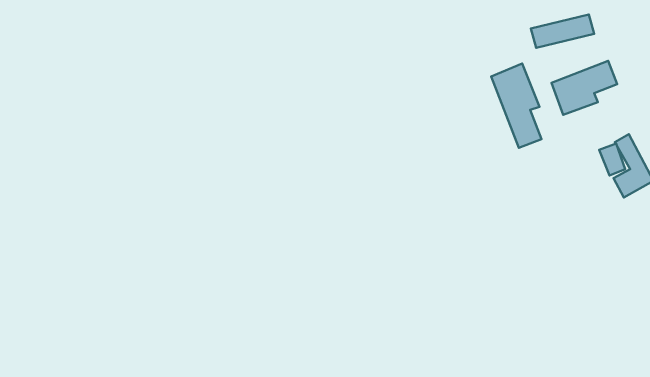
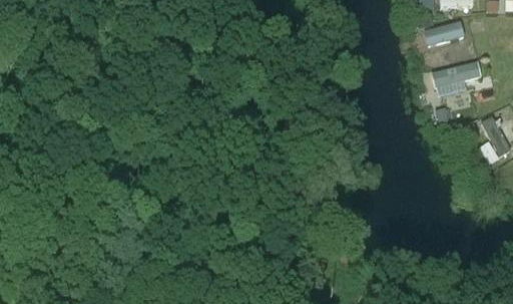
building: [491,64,542,148] -> none

